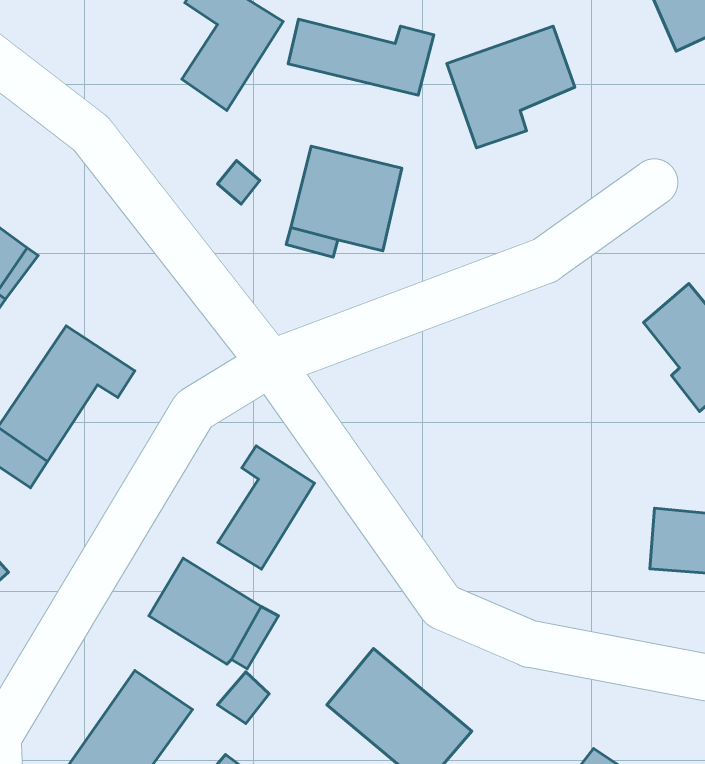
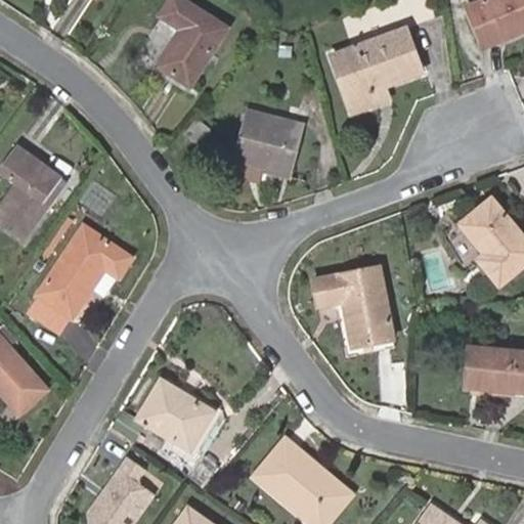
building: [288,19,434,95] -> none
building: none -> [312,268,391,346]
building: [218,446,315,569] -> none

